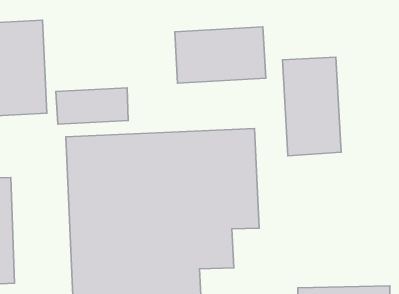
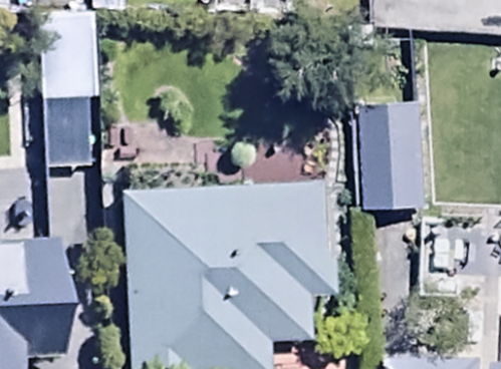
building: [175,27,266,83] -> none

